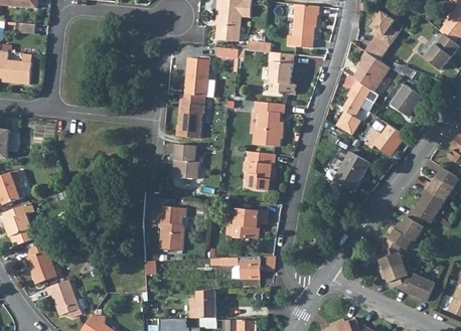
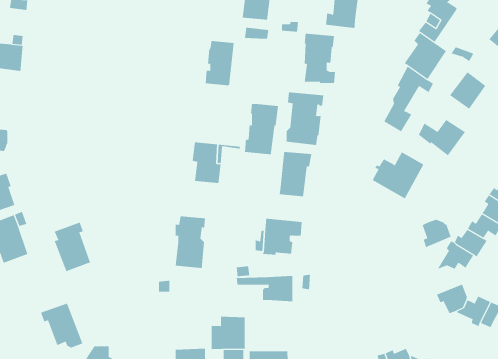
building: [175,95,204,138] -> [244,103,279,155]
building: [25,241,56,284] -> [54,222,91,272]
building: [376,249,402,273] -> [422,219,452,248]

